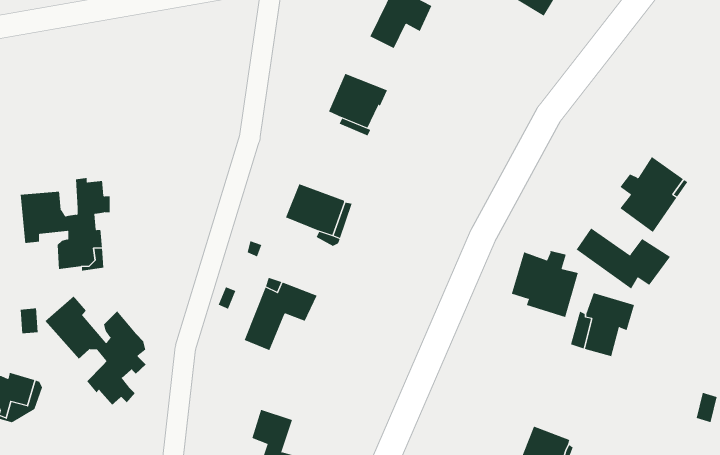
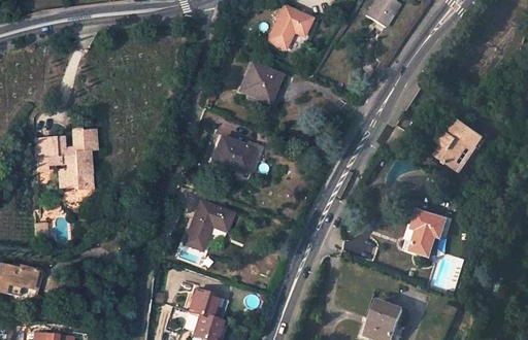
building: [576,228,671,290] -> none
building: [511,250,579,318] -> none
building: [44,295,146,406] -> none

